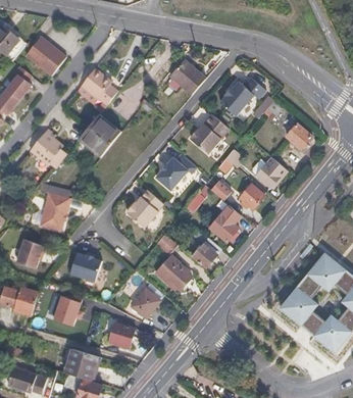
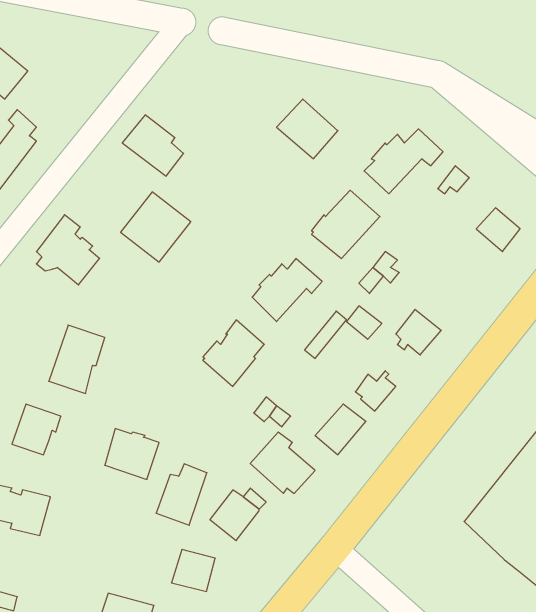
building: [24,37,64,76] -> none
building: [253,157,287,187] -> none
building: [52,290,82,326] -> [156,464,207,525]

